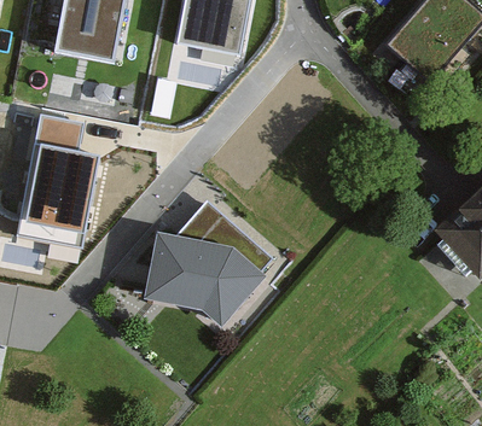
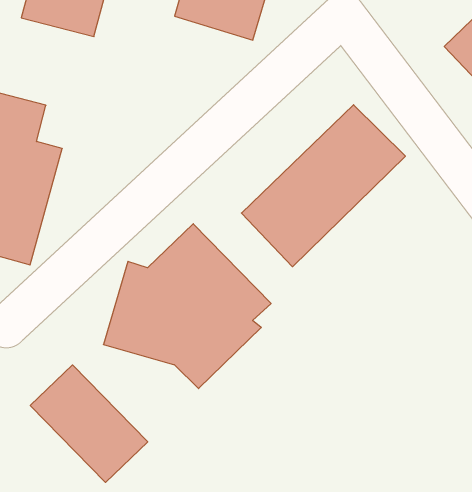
building: none -> [241,105,405,267]
building: none -> [30,365,148,482]

